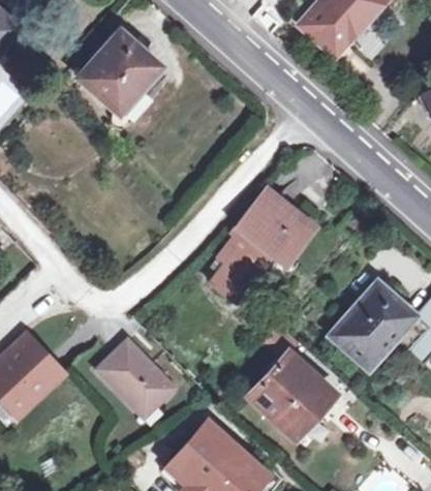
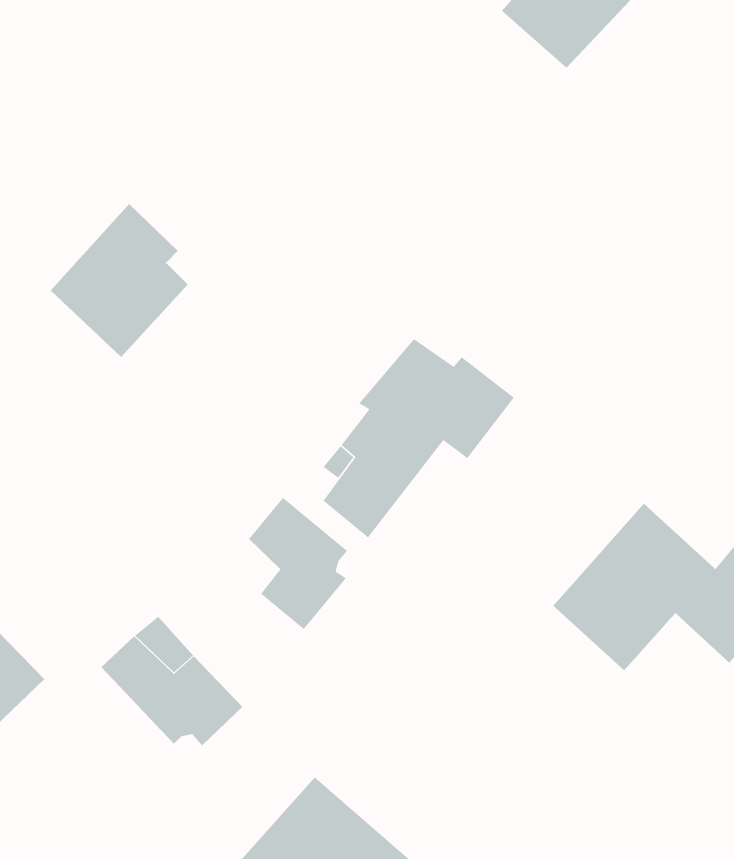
building: [81,28,153,109] -> [50,203,189,358]
building: none -> [248,497,348,630]
building: [250,355,337,435] -> none

